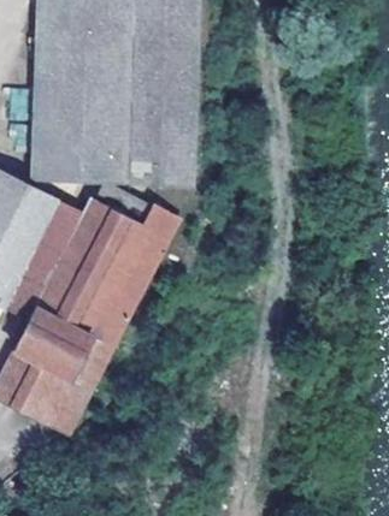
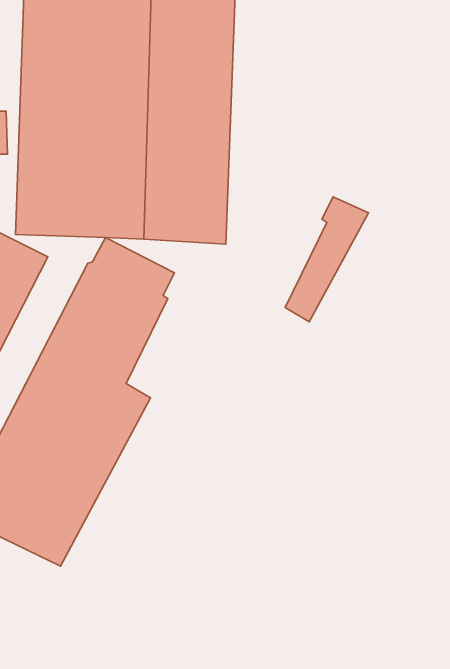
building: [114,212,177,306] -> [285,197,368,322]

